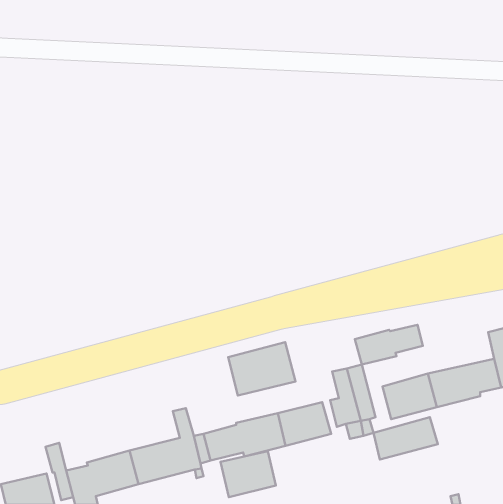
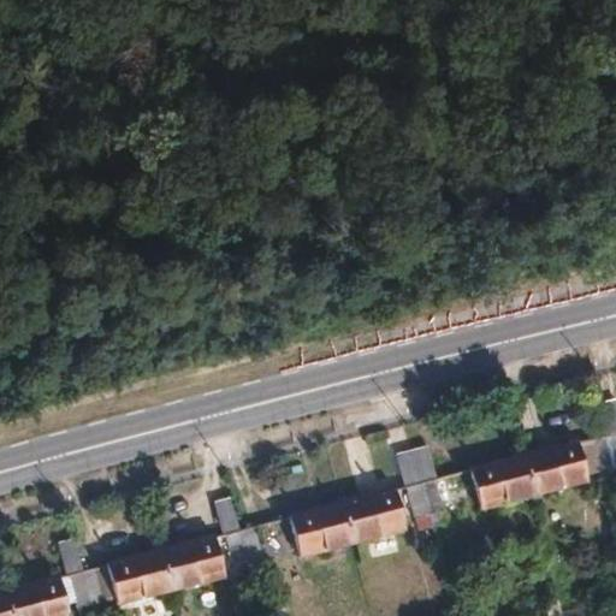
building: [355,325,423,365] -> none
building: [228,342,295,395] -> none
building: [374,417,438,460] -> none
building: [220,451,276,497] -> none

